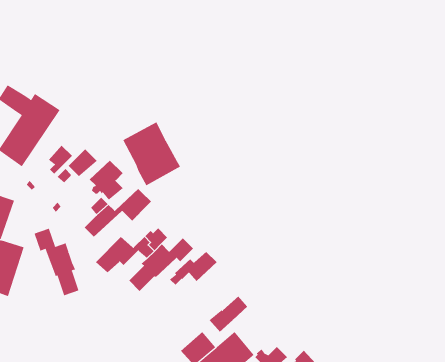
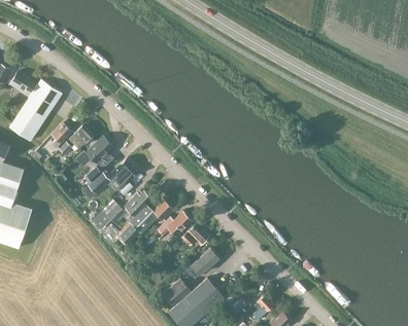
building: [122,122,181,186] -> none
building: [34,228,79,296] -> none
building: none -> [177,223,209,246]

